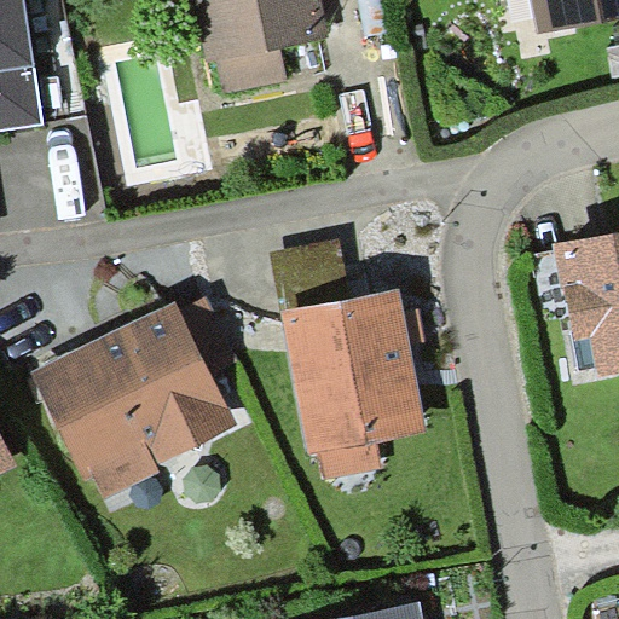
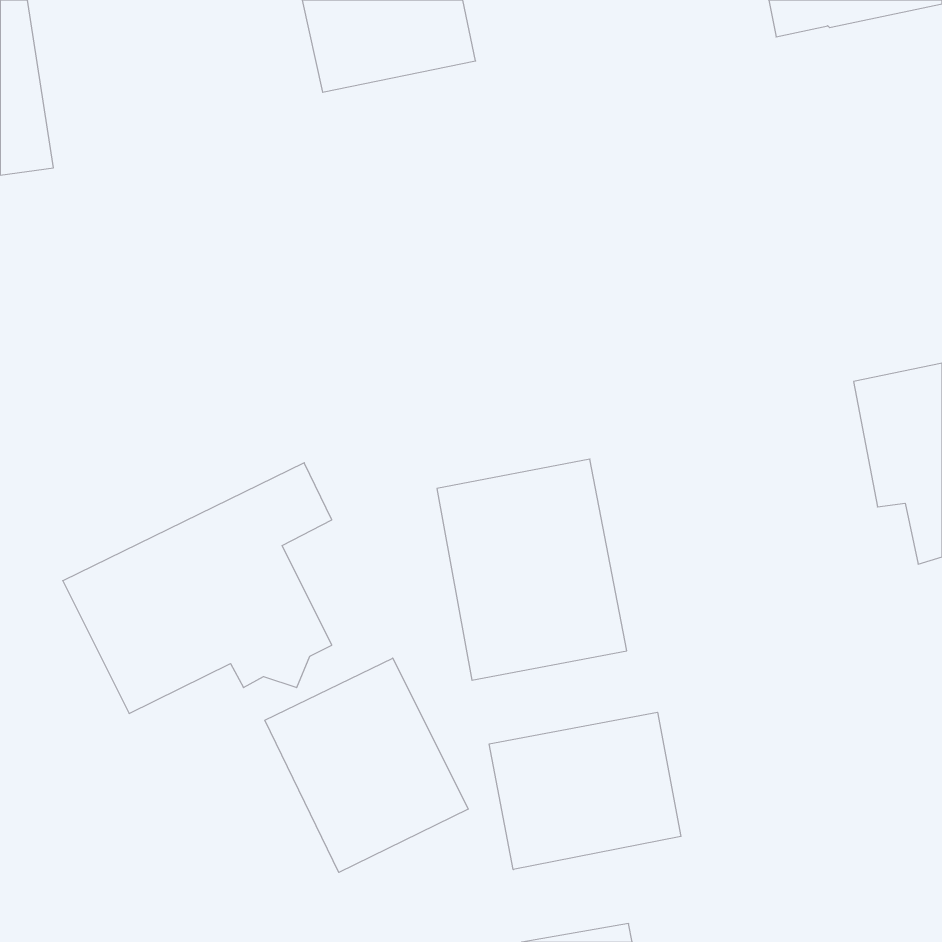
building: none -> [265,658,468,872]
building: none -> [489,712,681,870]

